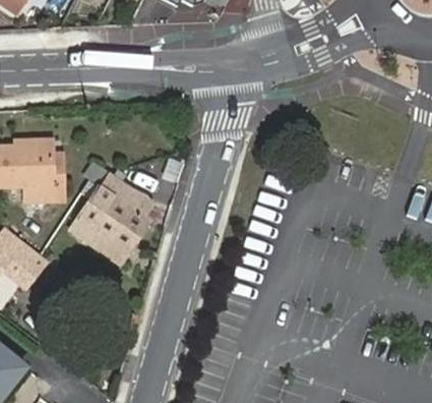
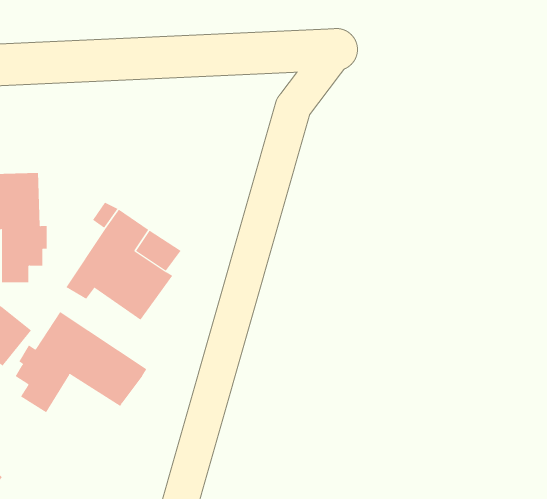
building: none -> [15,311,147,413]

